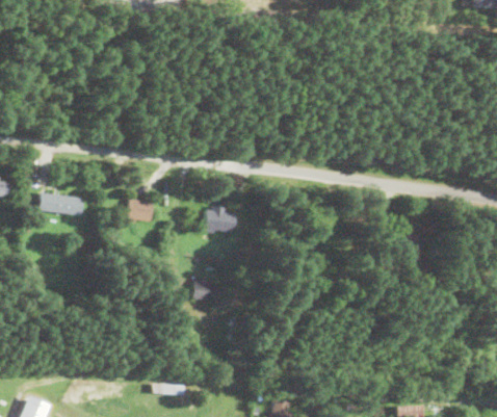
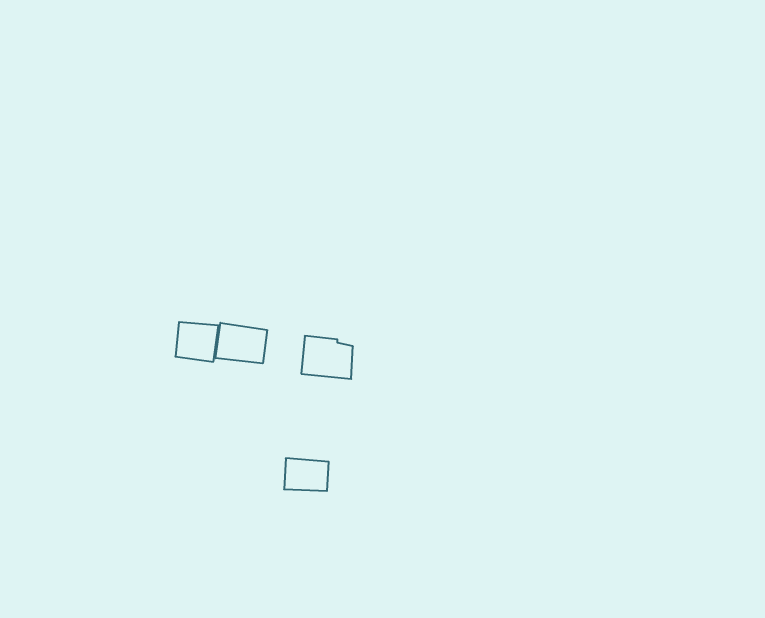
building: [38,191,83,215] -> none
building: none -> [216,323,267,363]

